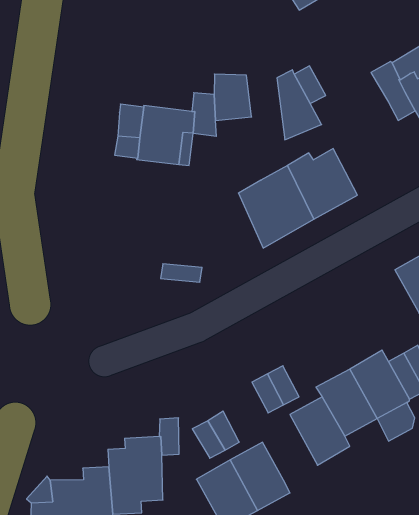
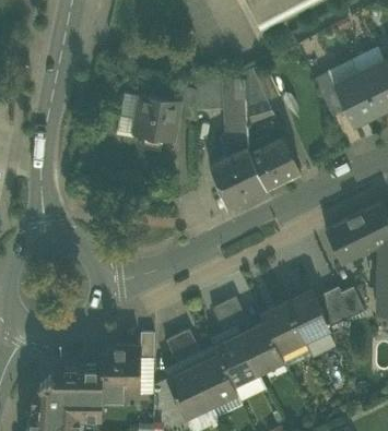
building: none -> [223,79,248,158]
building: none -> [214,336,258,387]

